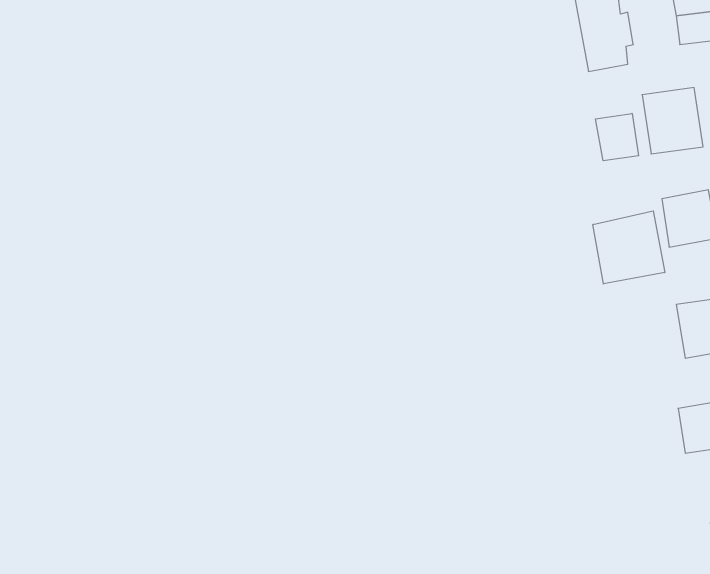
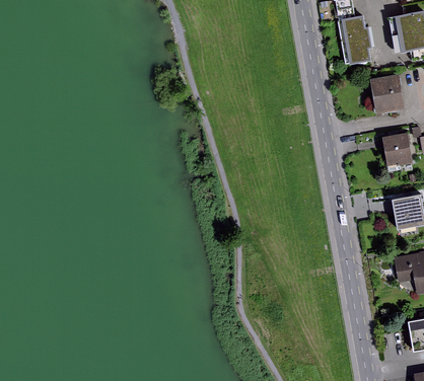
building: [596,113,639,161] -> none
building: [593,211,665,284] -> none

